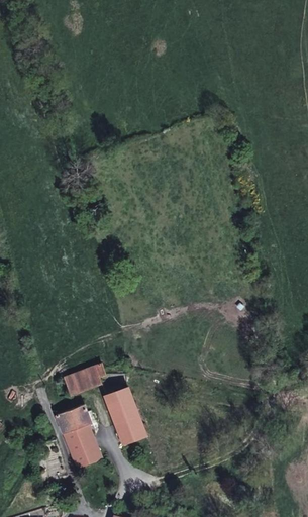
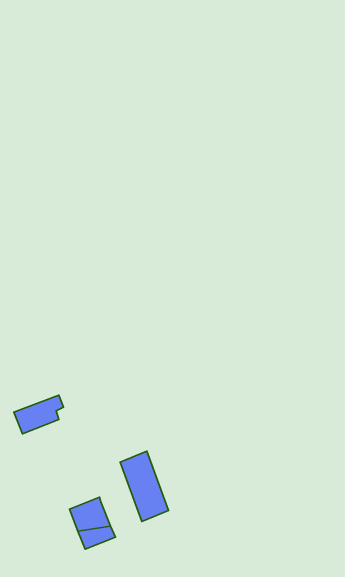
building: [65,363,106,395] -> [14,395,64,434]
building: [55,403,93,434] -> none

